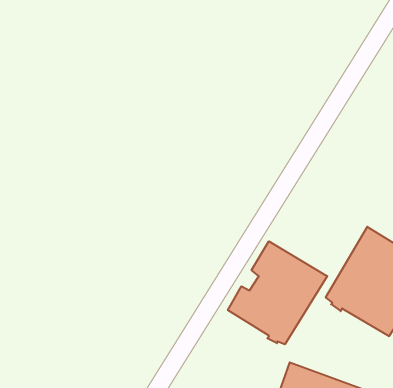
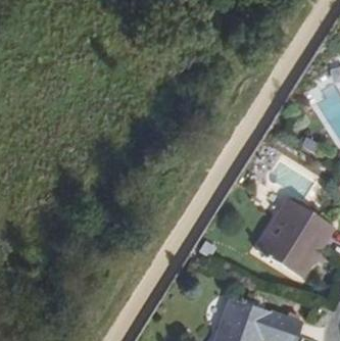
building: [228,241,327,344] -> none

